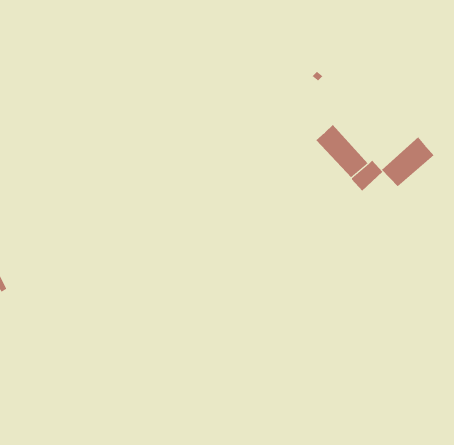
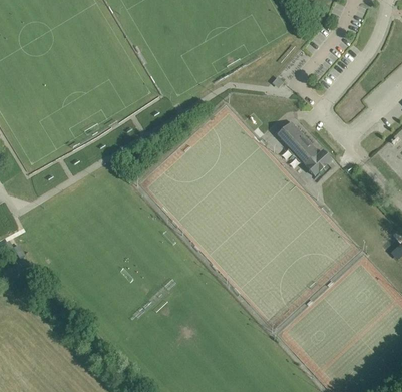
building: [381,137,435,187] -> none

